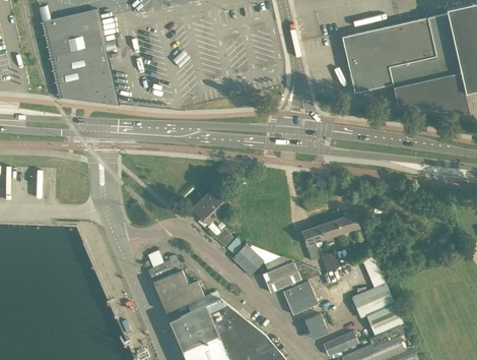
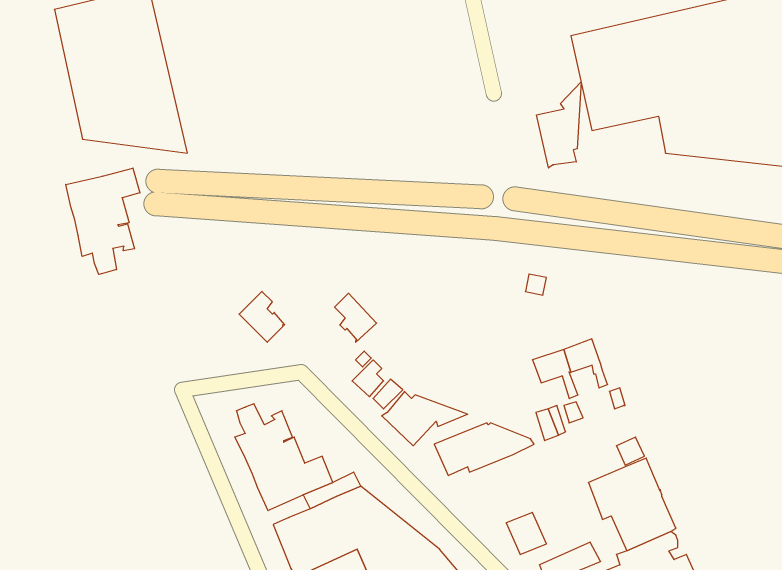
building: none -> [537,82,581,168]
building: none -> [66,168,140,274]
building: [191,194,217,224] -> [239,291,285,342]
building: [300,225,324,260] -> none
building: [281,280,318,314] -> none

